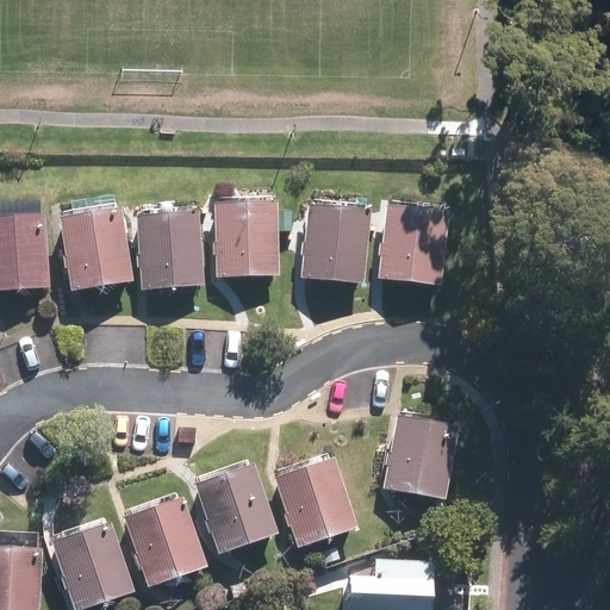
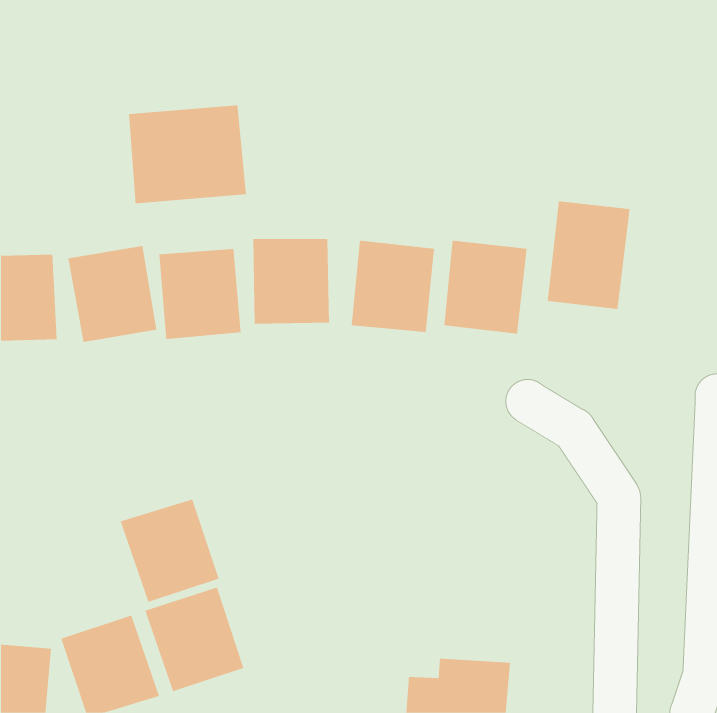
building: none -> [128,105,247,204]
building: none -> [547,201,630,310]
building: [382,418,459,500] -> none
building: [273,458,356,547] -> none
building: [194,465,279,553] -> [120,499,220,603]

